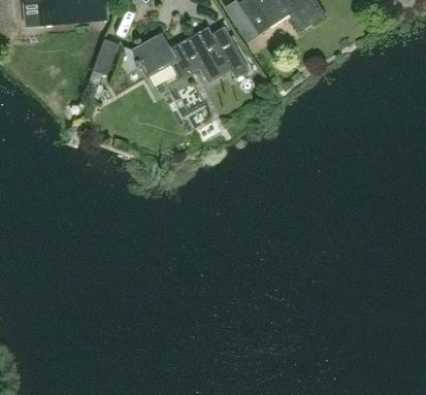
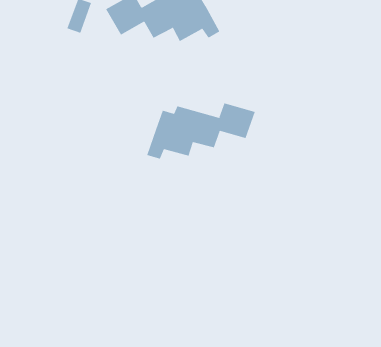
building: none -> [146,103,256,160]

